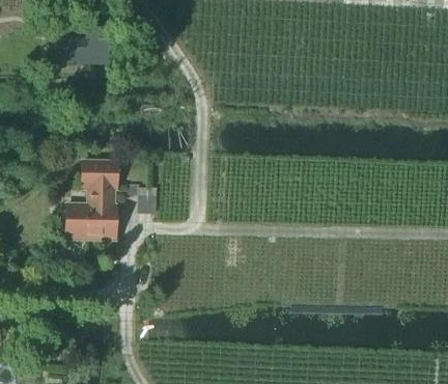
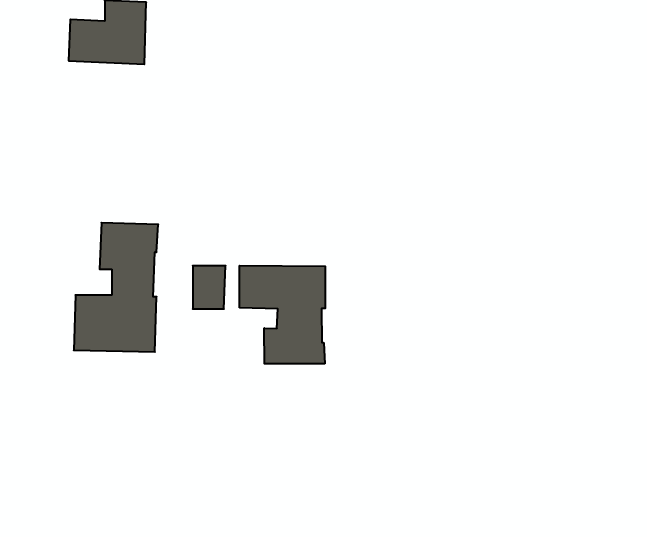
building: none -> [240,266,325,364]

